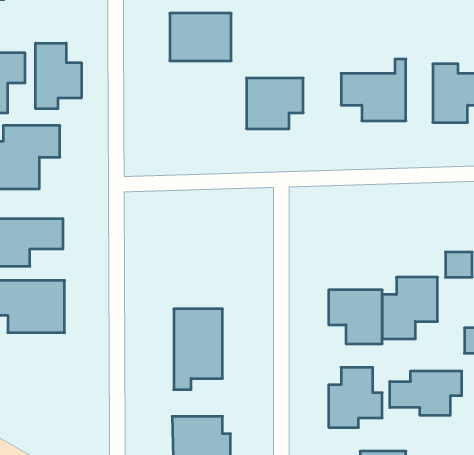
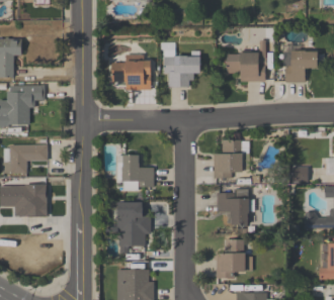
building: [170,13,231,61] -> [111,59,151,89]
building: [36,43,81,109] -> none
building: none -> [116,154,154,189]
building: [382,277,438,339] -> [214,138,249,178]
building: [390,371,462,415] -> none

